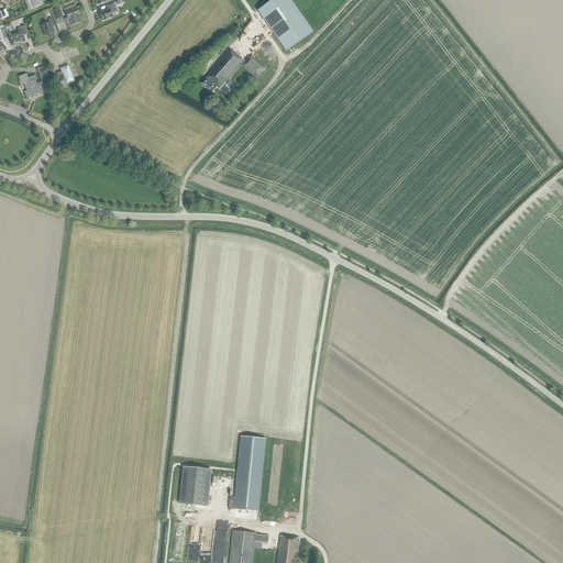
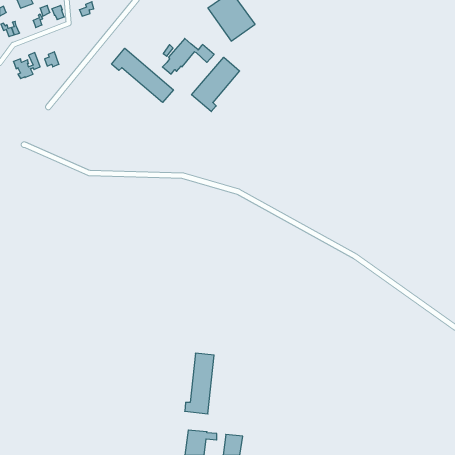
building: none -> [112,48,173,102]
building: none -> [192,57,240,112]
building: [179,466,211,505] -> none

